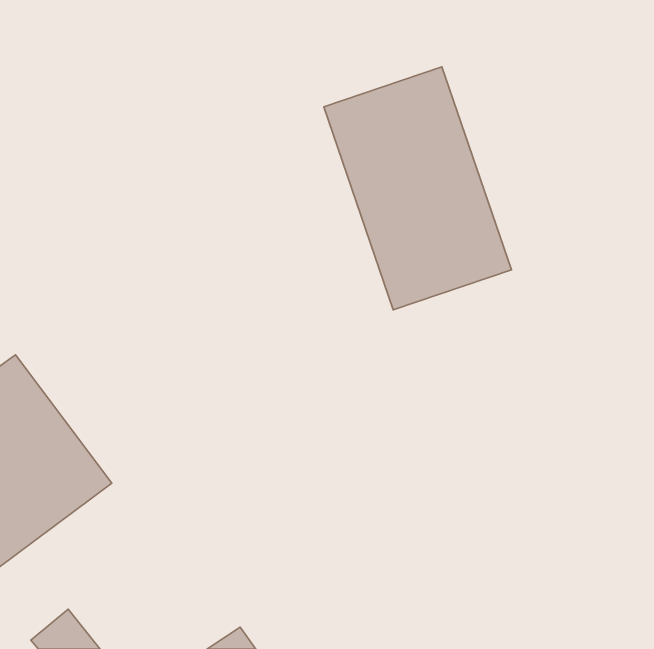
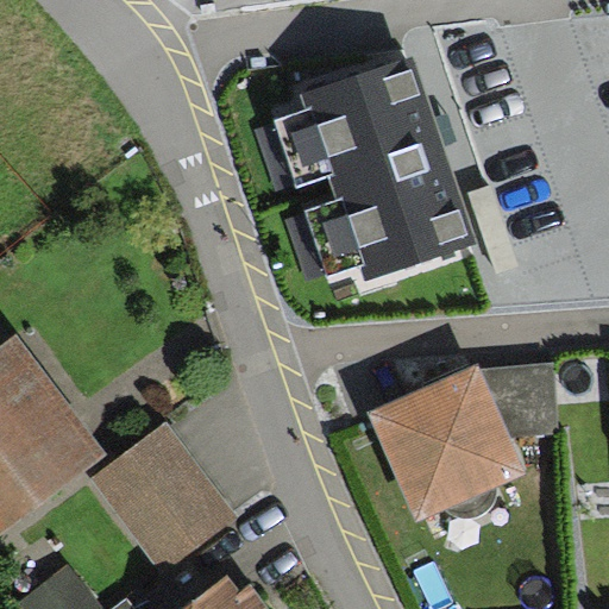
building: none -> [368,372,547,517]
building: none -> [99,435,219,558]

